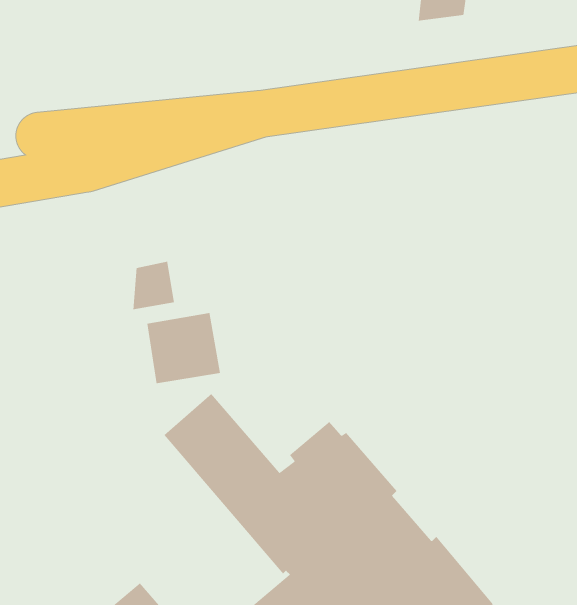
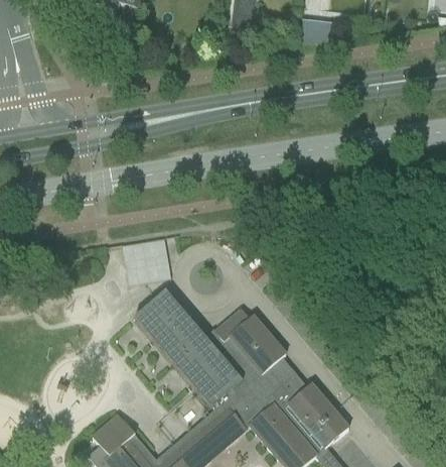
building: [133,261,174,310] -> none

